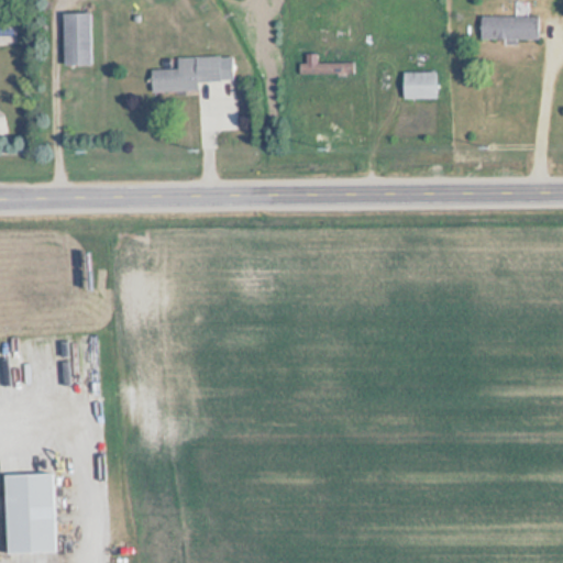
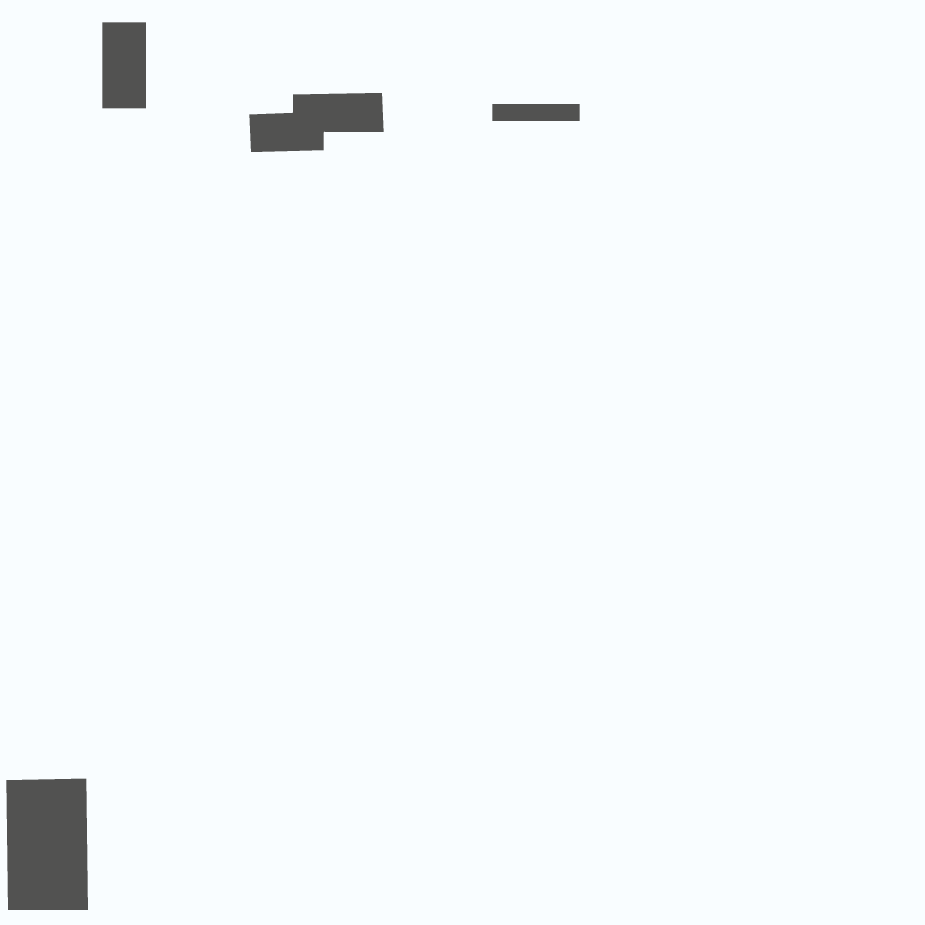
building: [481,16,539,40] -> none
building: [404,71,437,99] -> none

